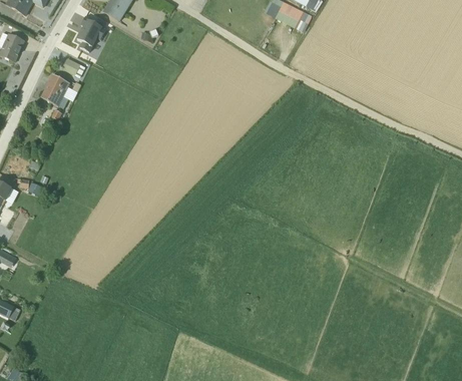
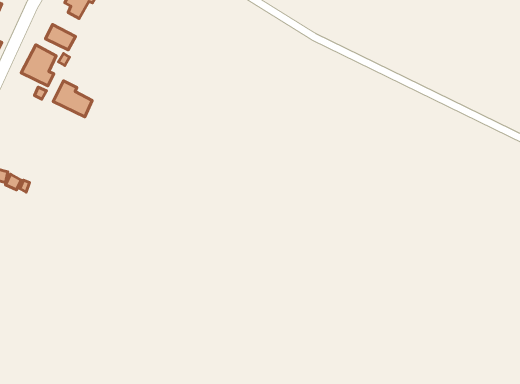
building: none -> [53,81,92,117]

